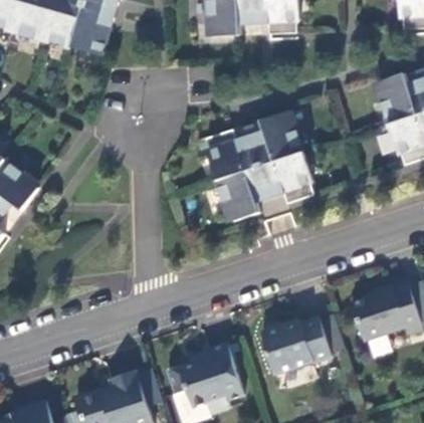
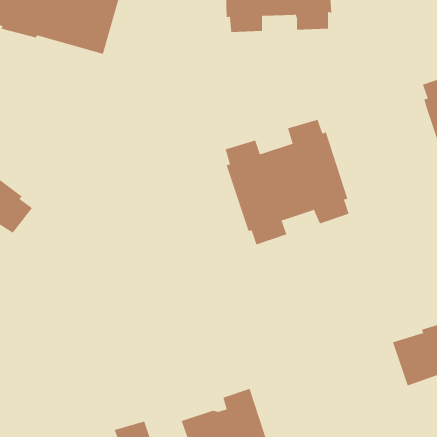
building: [259,318,330,374] -> none

